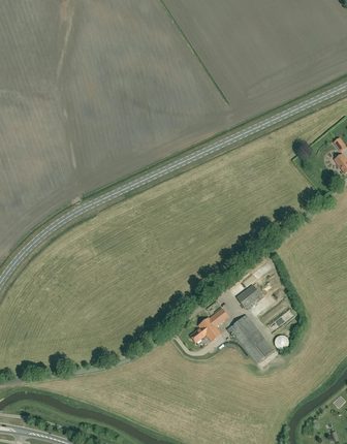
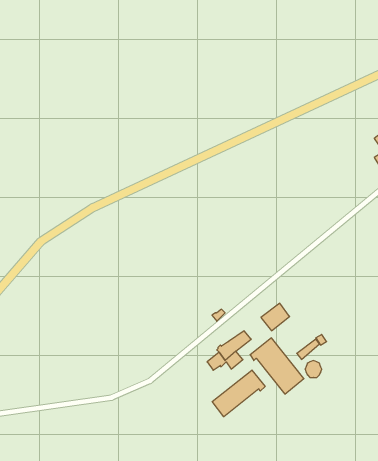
building: none -> [212,370,265,417]

